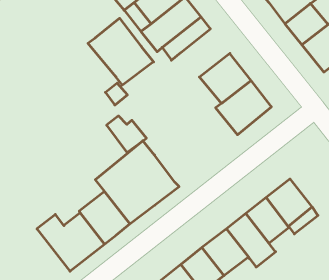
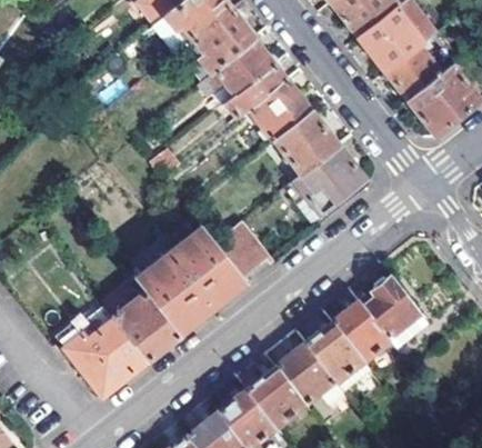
building: [88,18,154,85] -> none
building: none -> [248,79,312,142]
building: [107,116,146,152] -> [213,232,265,280]

